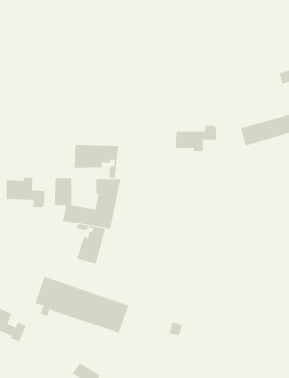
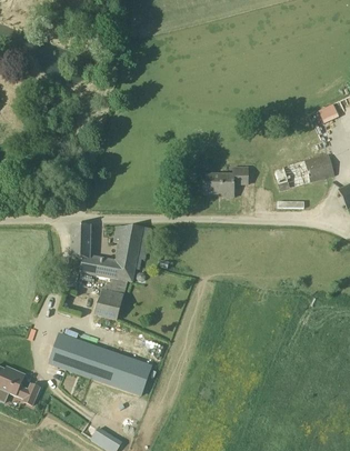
building: [74,144,119,179] -> none
building: [6,177,45,208] -> none

